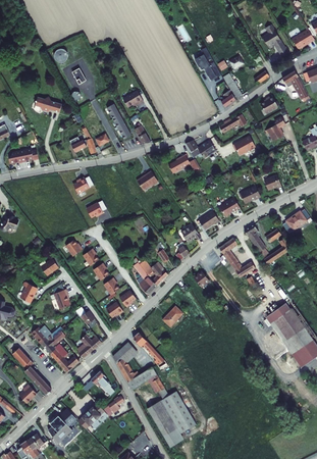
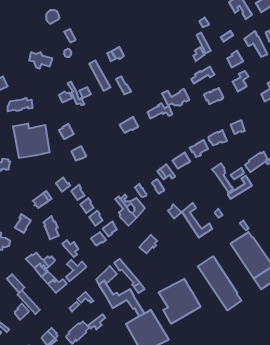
building: [197,47,223,81] -> none
building: none -> [13,123,49,158]
building: [221,238,256,277] -> [182,203,212,238]
building: none -> [198,256,241,310]
building: none -> [159,279,200,324]

